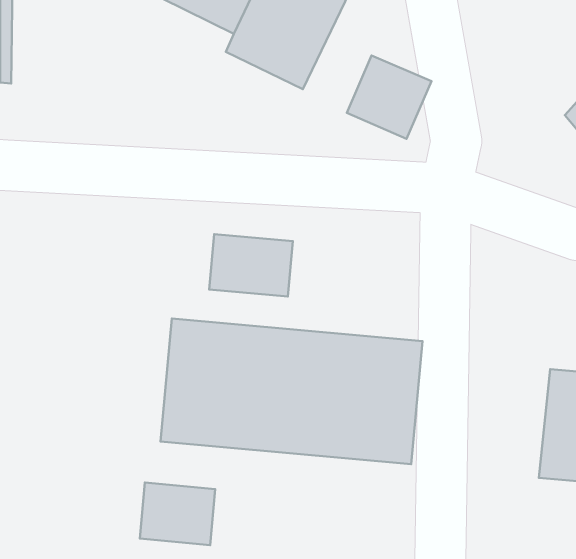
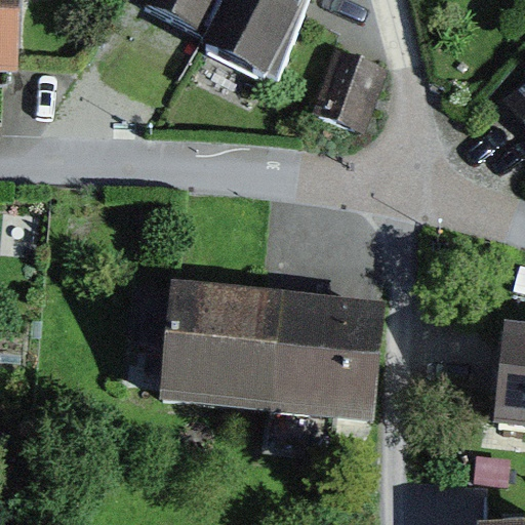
building: [209,234,293,297] -> none
building: [140,483,215,545] -> none

